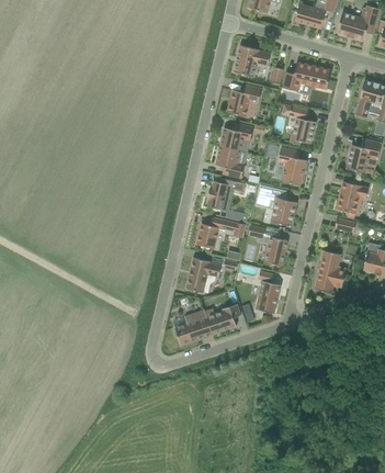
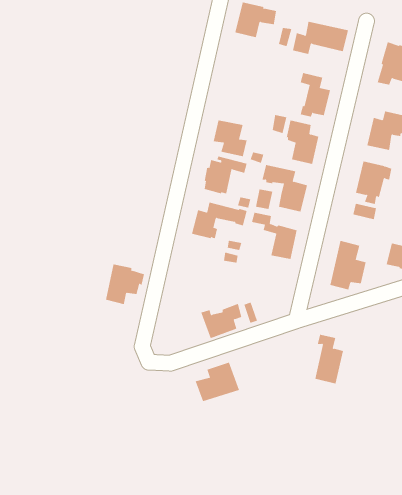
building: [227,83,262,115] -> none
building: [219,122,253,150] -> none
building: [186,257,220,292] -> [105,264,145,305]
building: [256,270,281,313] -> [314,334,344,384]
building: [174,309,213,344] -> [195,362,240,402]

